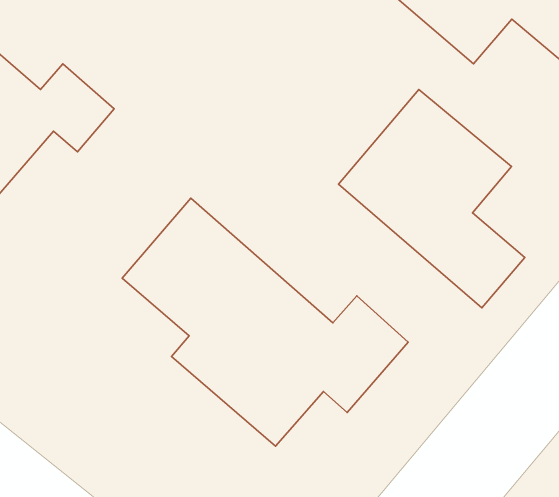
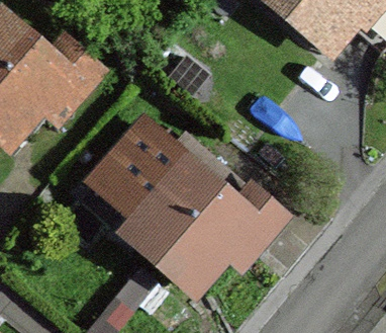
building: [338,90,525,308] -> none

